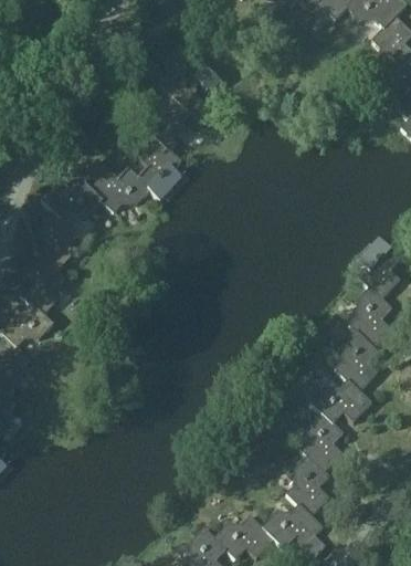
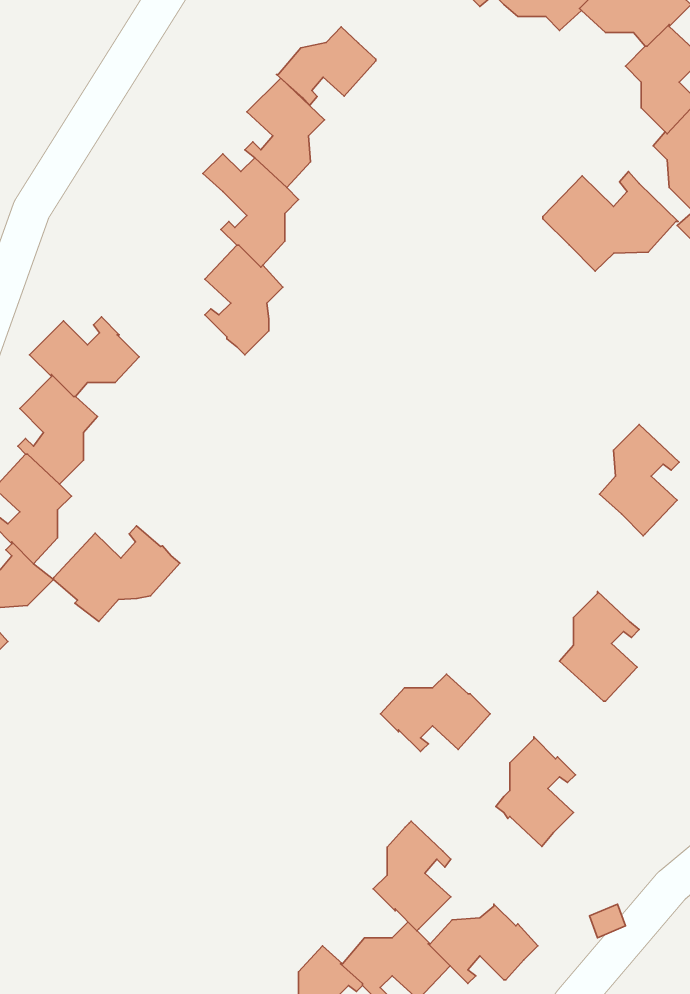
building: none -> [277,27,376,105]
building: none -> [543,172,678,271]
building: [88,159,151,212] -> none
building: [349,287,393,347] -> none
building: none -> [54,526,180,621]
building: [312,380,372,423] -> [381,674,490,752]
building: [287,455,330,516] -> [373,821,451,931]

